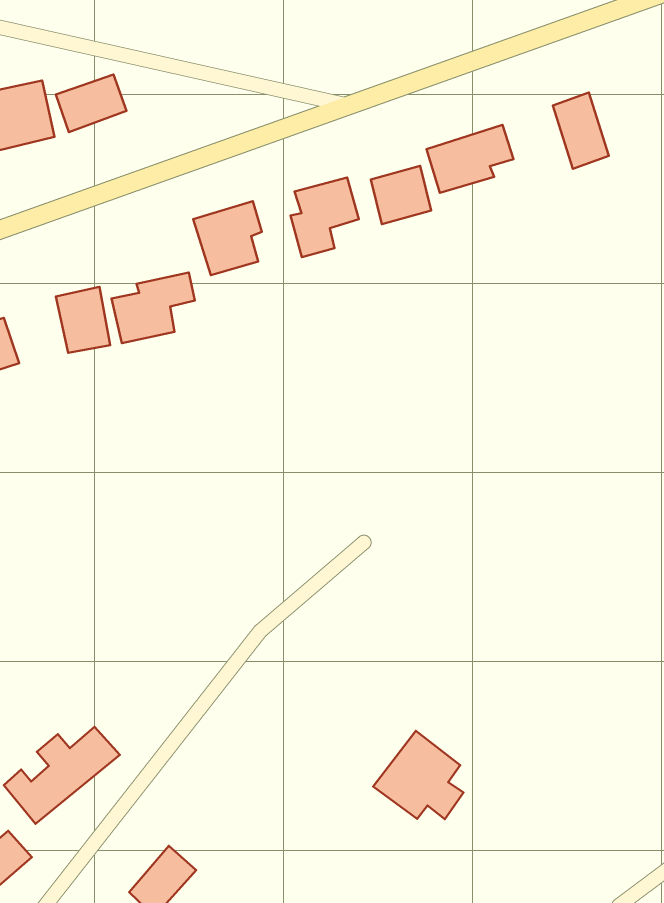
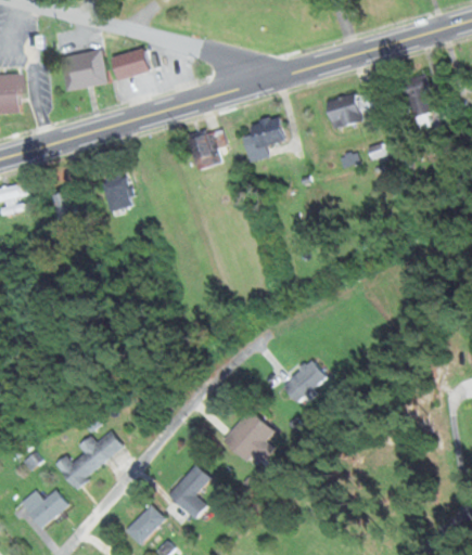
building: [371,166,431,224] -> none
building: [111,272,195,343] -> none
building: none -> [283,360,326,406]
building: [373,731,463,819] -> [221,410,275,463]
building: none -> [168,465,211,520]

